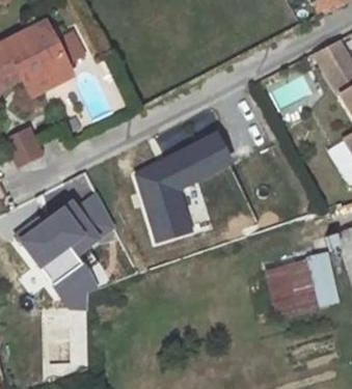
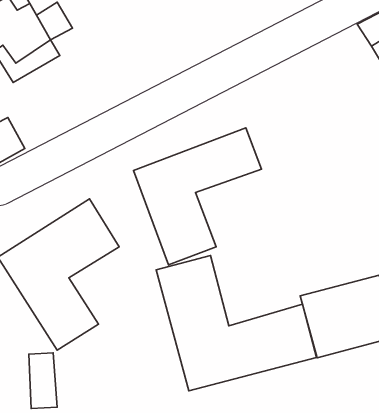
building: none -> [156,256,317,391]

